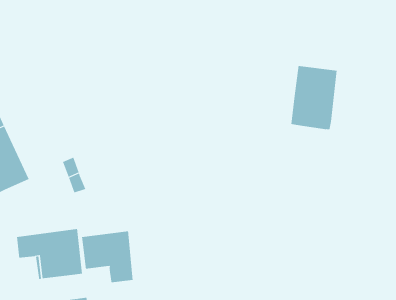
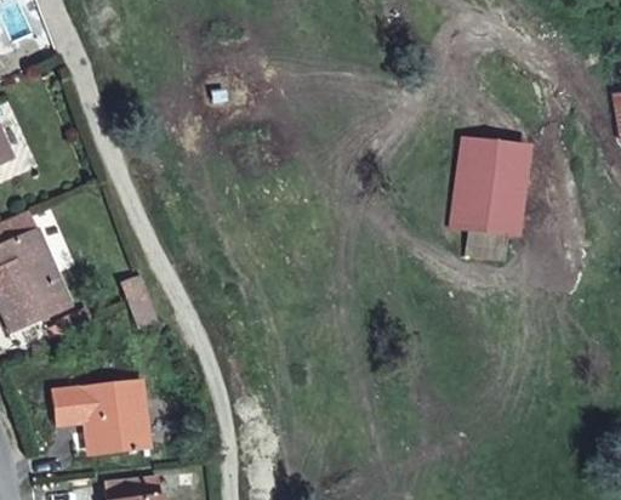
building: [82,231,133,283] -> none

